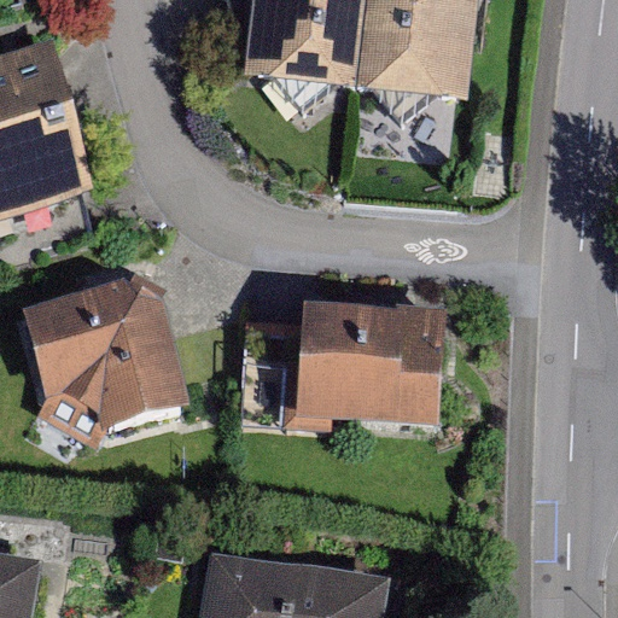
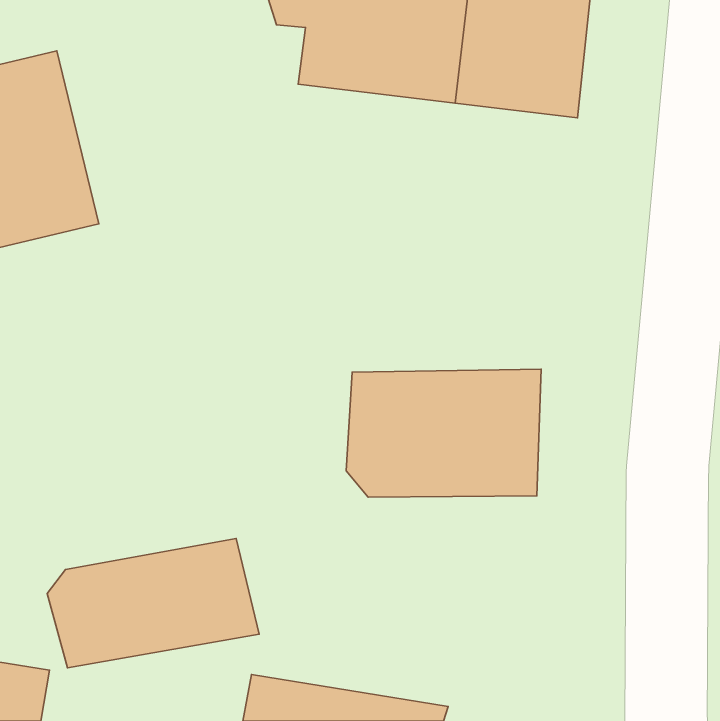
building: [14,282,196,425] -> none
building: none -> [47,539,259,668]

